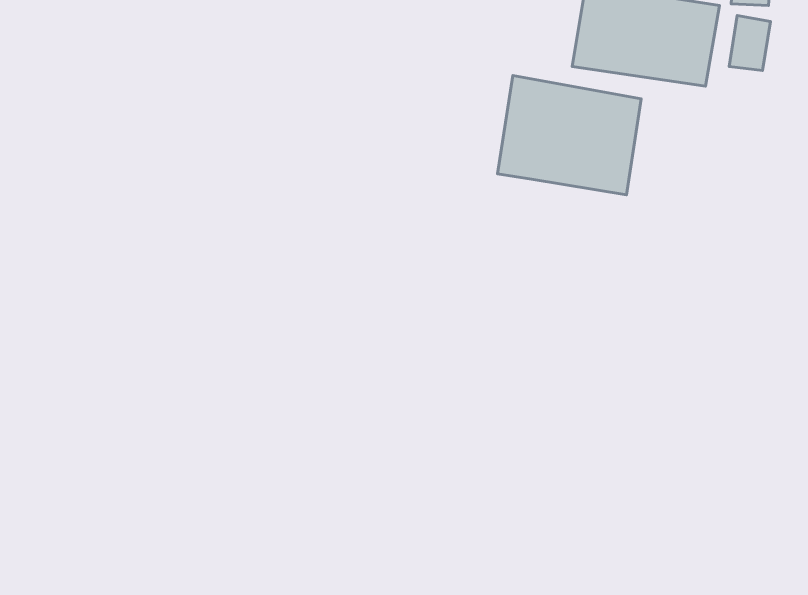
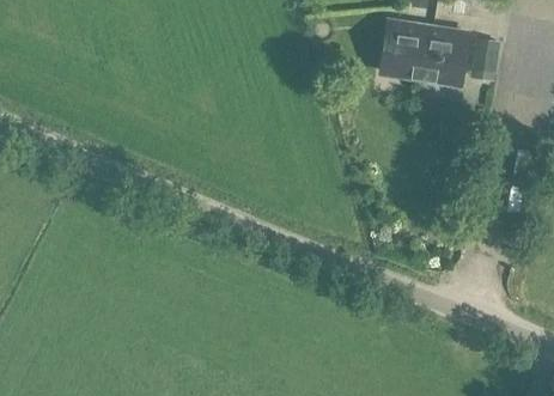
building: [497,76,641,195] -> none

